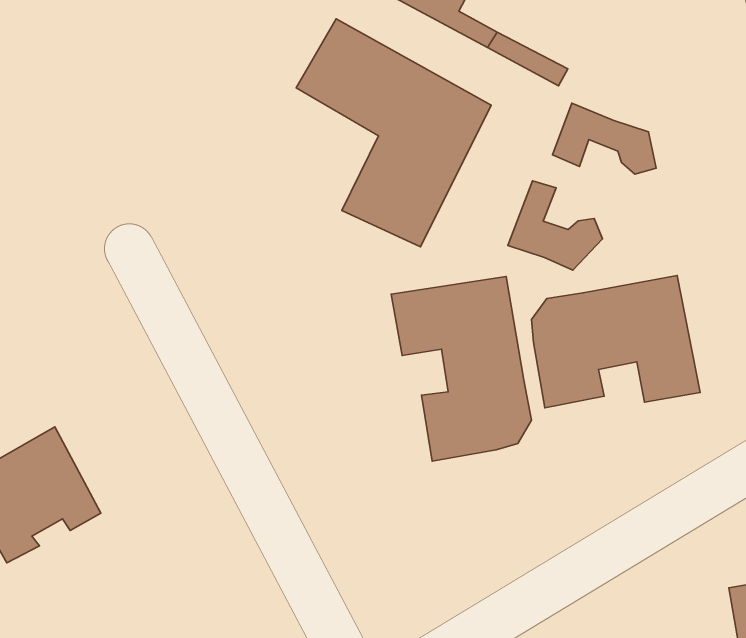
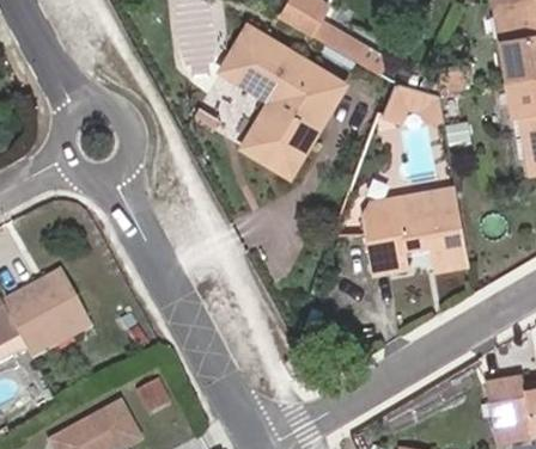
building: [508,181,603,270] -> none
building: [391,277,532,461] -> none

